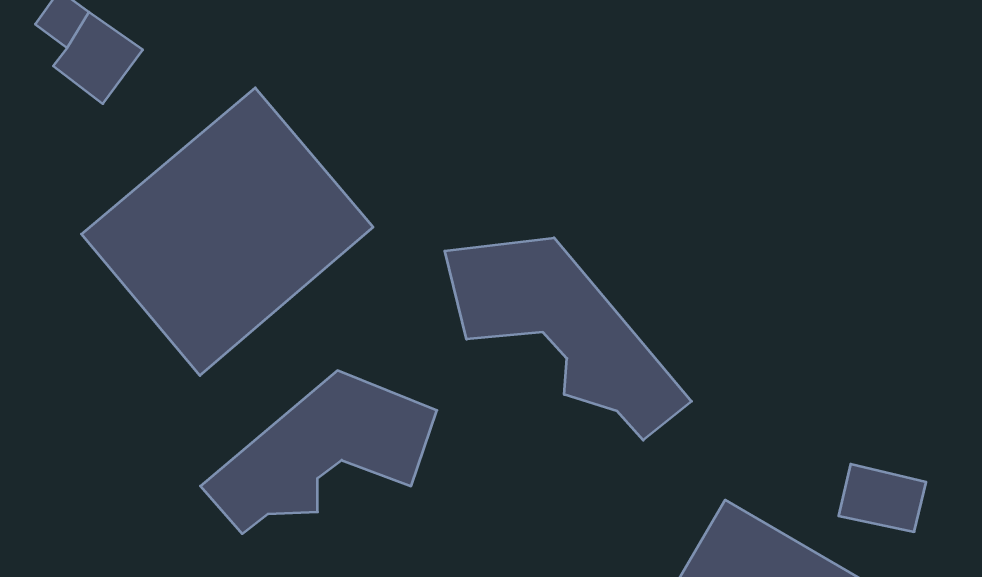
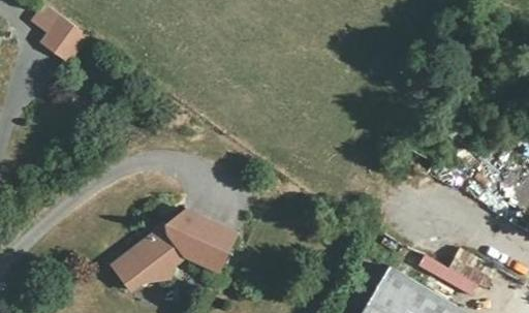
building: [81,88,373,376] -> none
building: [445,238,692,440] -> none

